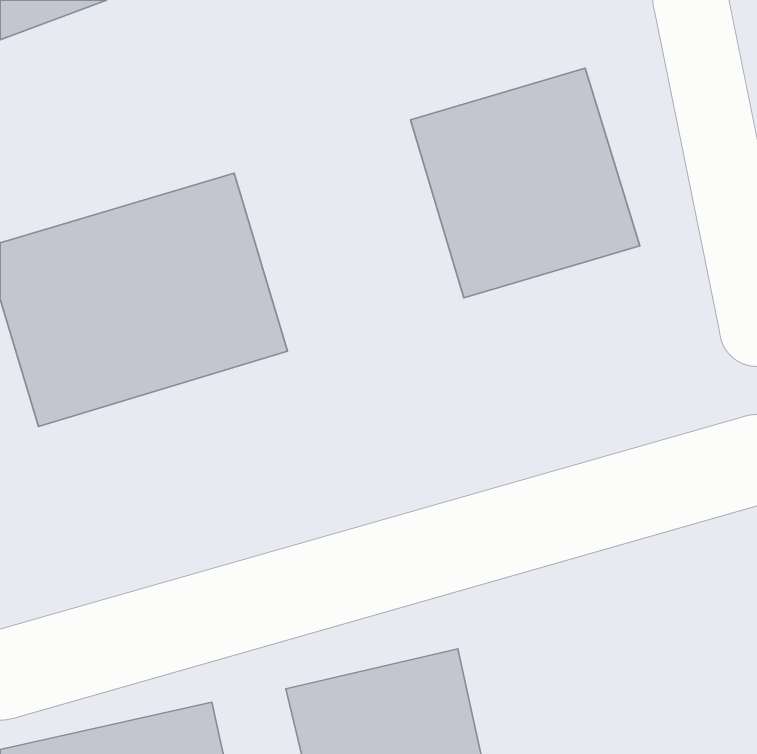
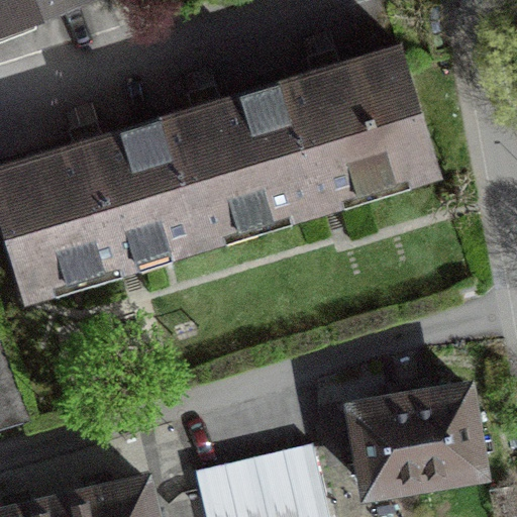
building: none -> [160,84,316,241]
building: none -> [354,389,480,491]

